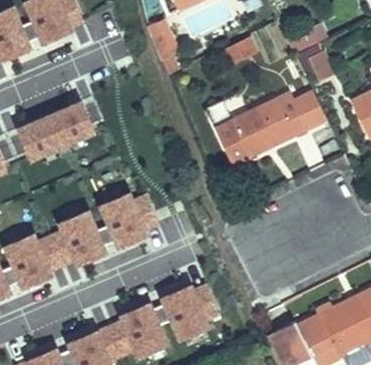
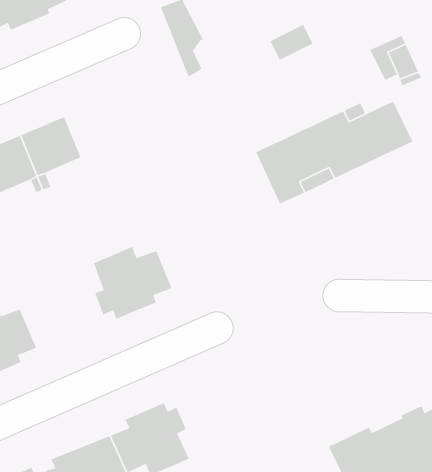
building: [49,211,107,265] -> none
building: [159,285,220,338] -> none

